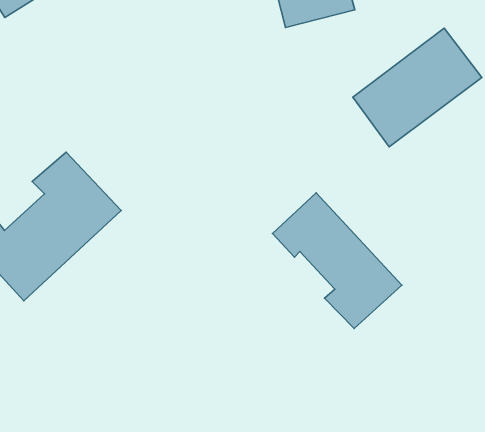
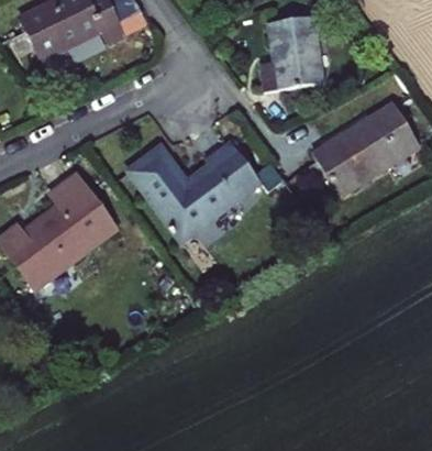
building: none -> [125,142,261,243]
building: [272,193,402,329] -> none

